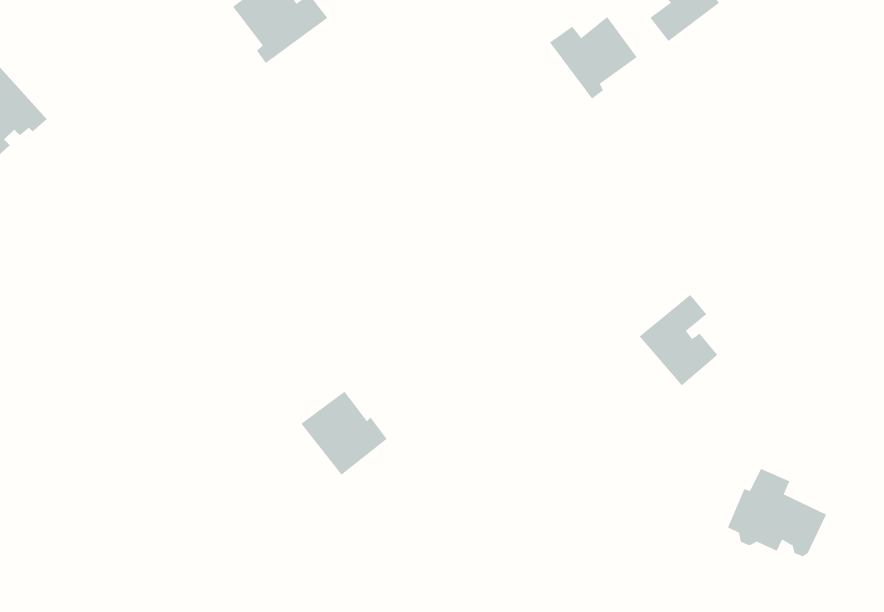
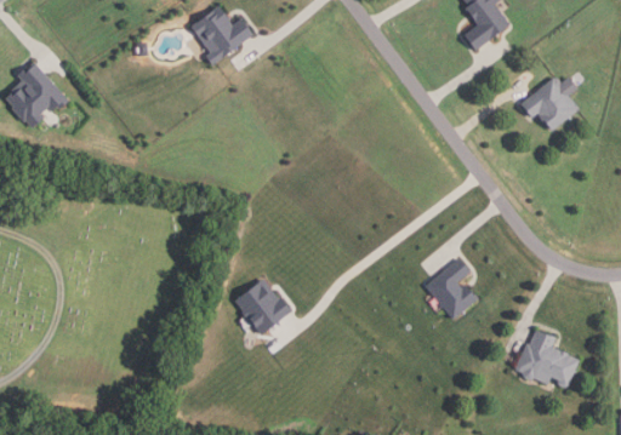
building: [549,16,638,100] -> none
building: none -> [520,76,579,131]
building: [639,294,718,386] -> [425,258,477,319]

